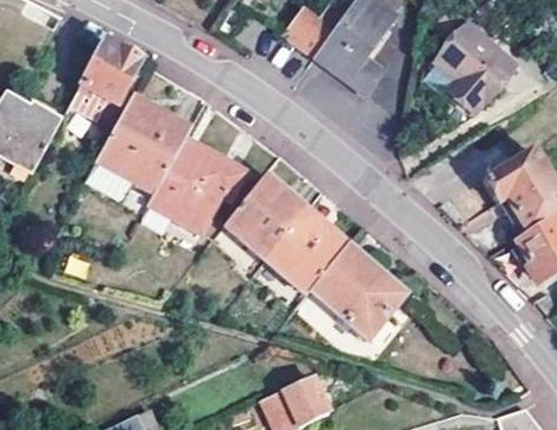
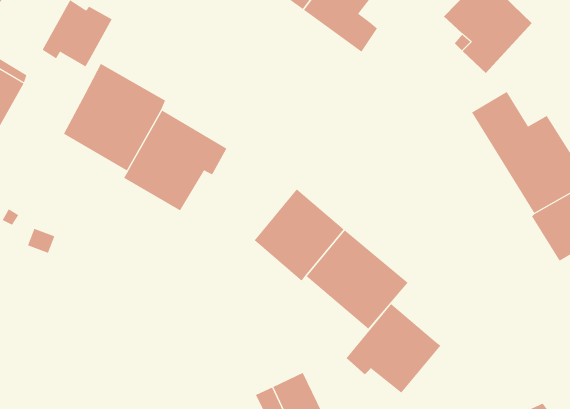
building: [71,88,132,127] -> none
building: [228,178,306,258] -> none
building: none -> [346,303,441,394]

